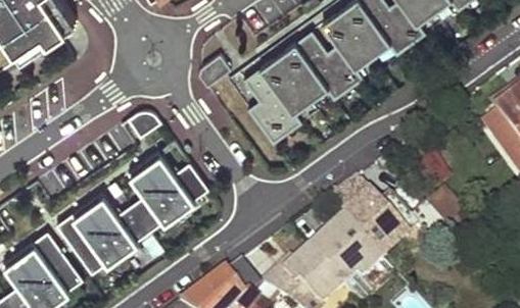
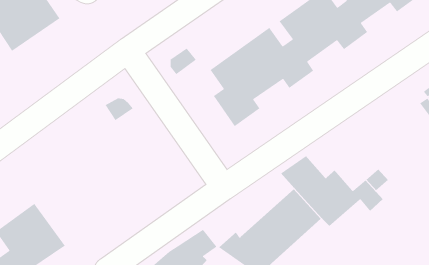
building: [52,153,205,276] -> none

